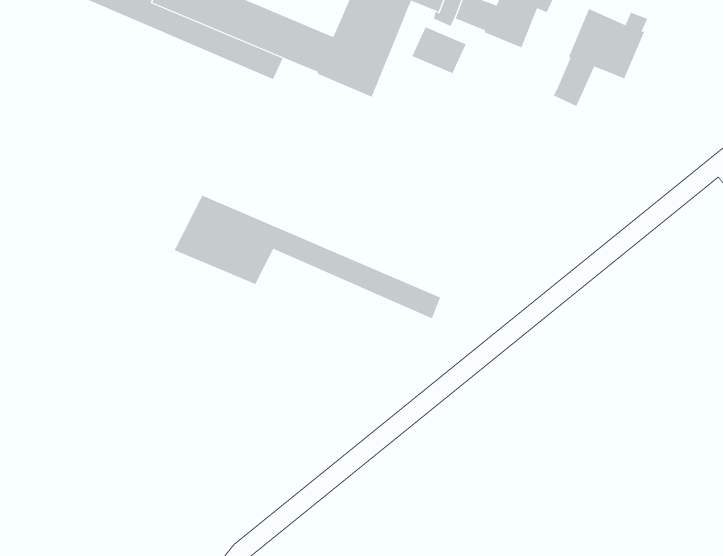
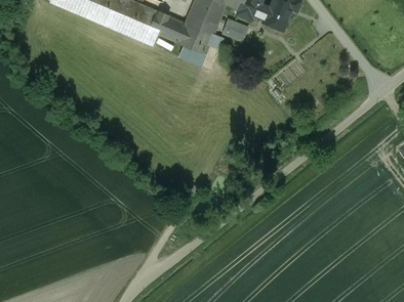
building: [553,8,648,107] -> none
building: [174,195,441,319] -> none

